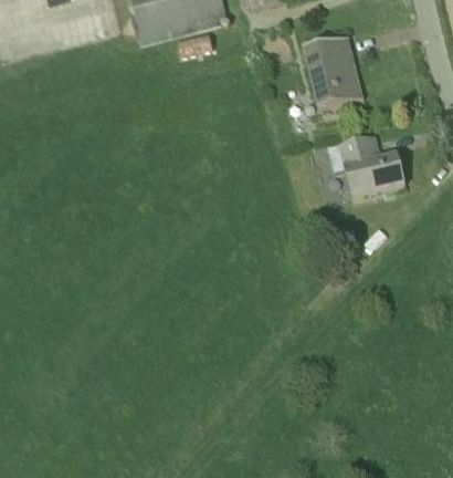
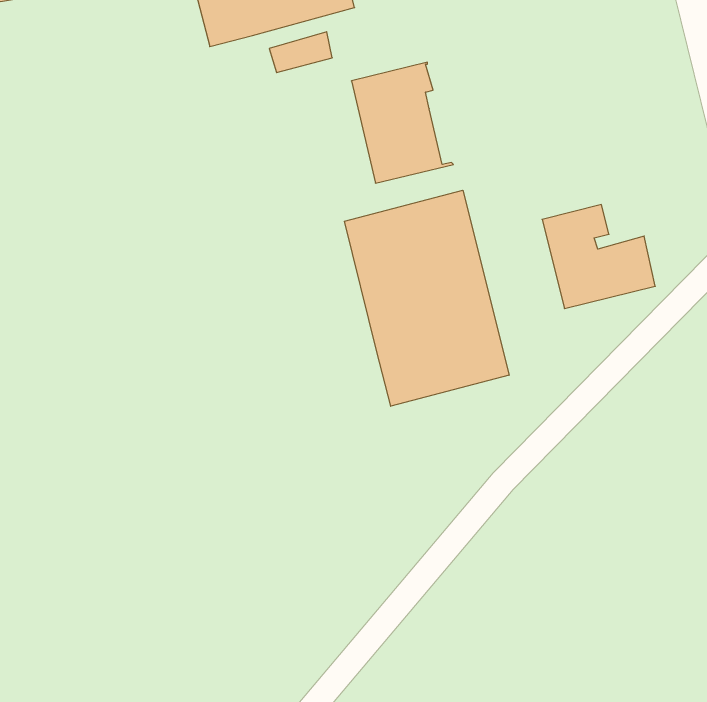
building: [305,38,366,110] -> [351,62,453,183]
building: none -> [345,190,509,406]

